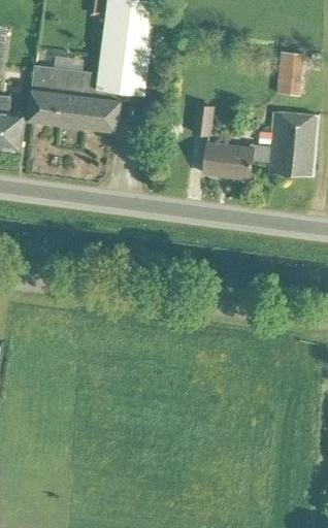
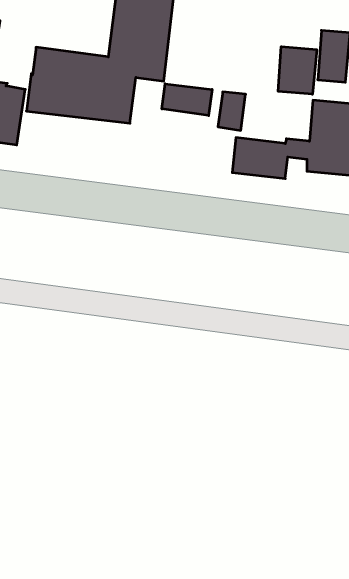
building: none -> [278,47,317,94]
building: none -> [162,84,212,116]

